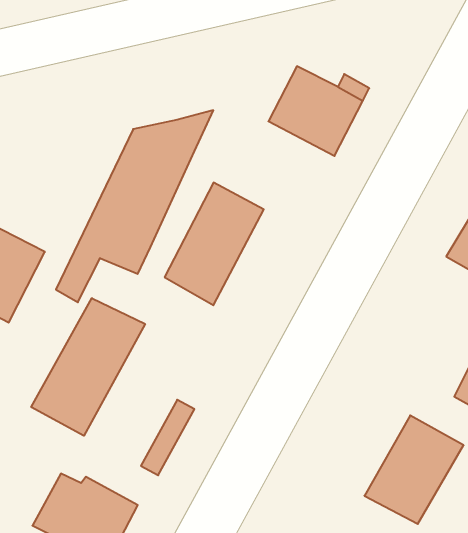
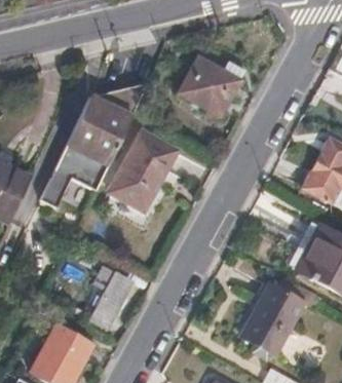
building: [31,298,145,436] -> none

